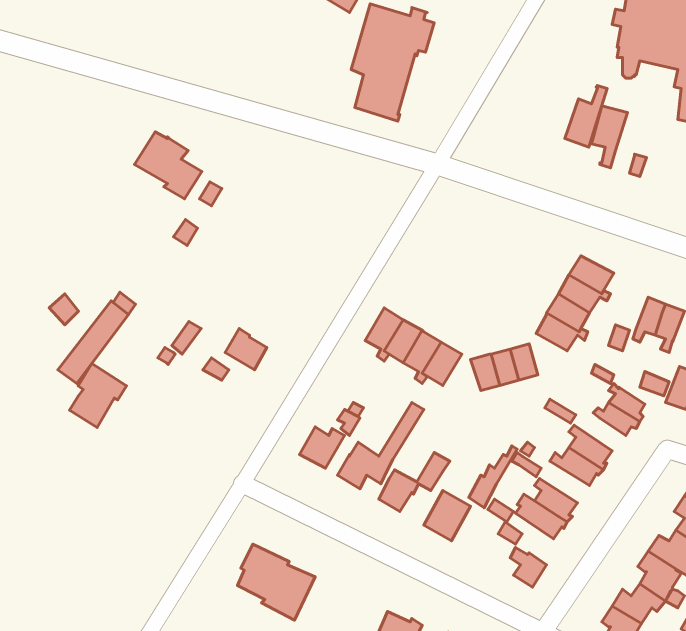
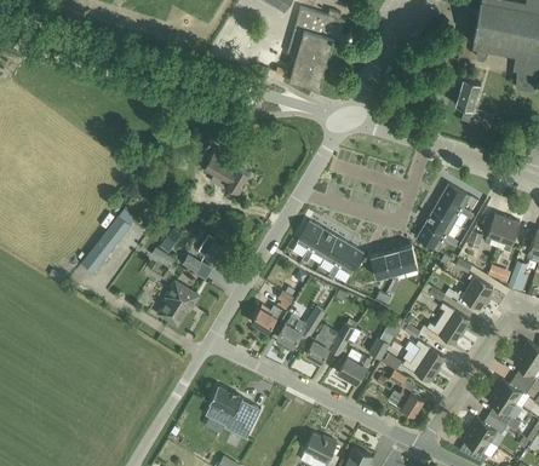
building: [565,86,607,147] -> none
building: [135,132,202,199] -> [203,146,251,194]
building: [69,363,126,427] -> [159,281,199,326]

